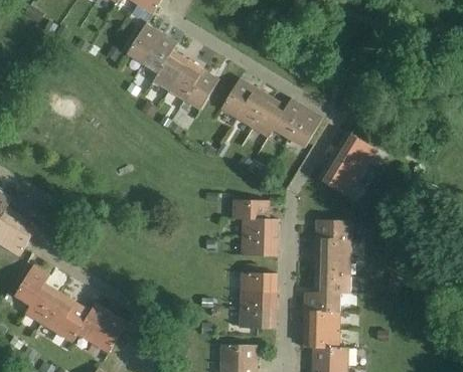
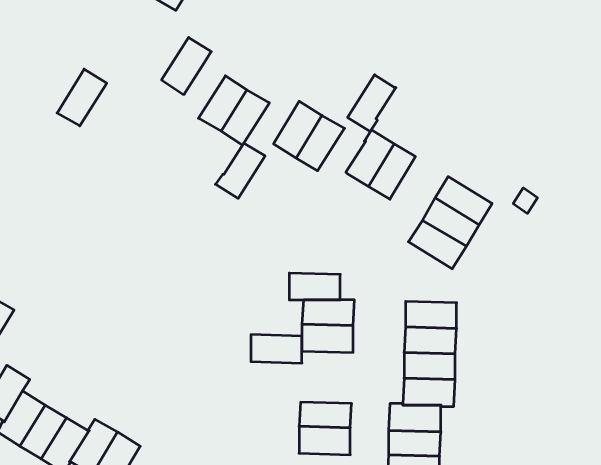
building: [126,23,161,63] -> [57,69,107,126]
building: [152,51,187,90] -> [215,143,265,198]
building: [253,98,287,138] -> [348,75,396,132]
building: [241,272,277,293] -> [251,335,302,363]

